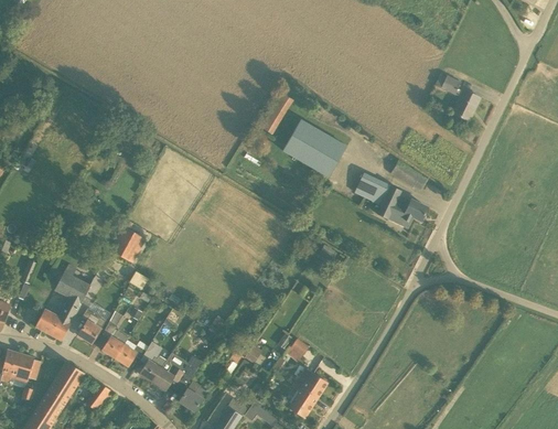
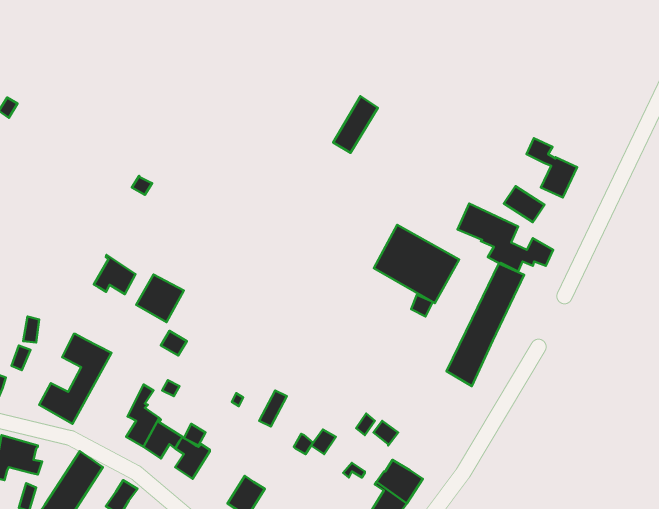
building: [441,76,480,121] -> [527,138,577,198]
building: [281,118,346,178] -> [374,225,459,303]
building: none -> [94,255,135,294]
building: none -> [446,263,524,386]
building: [78,308,106,344] -> none
building: [152,357,201,390] -> none

